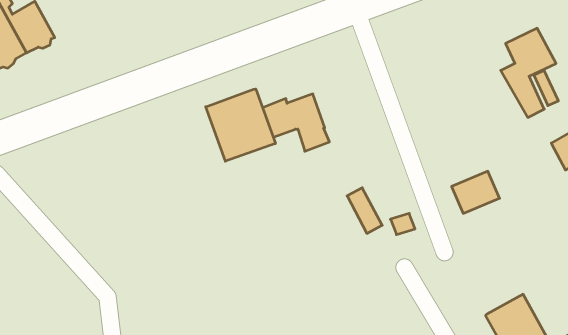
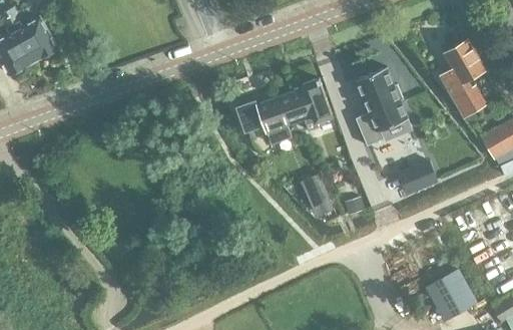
building: none -> [355,67,408,145]
building: none -> [278,79,332,130]
building: [206,89,275,161] -> none

